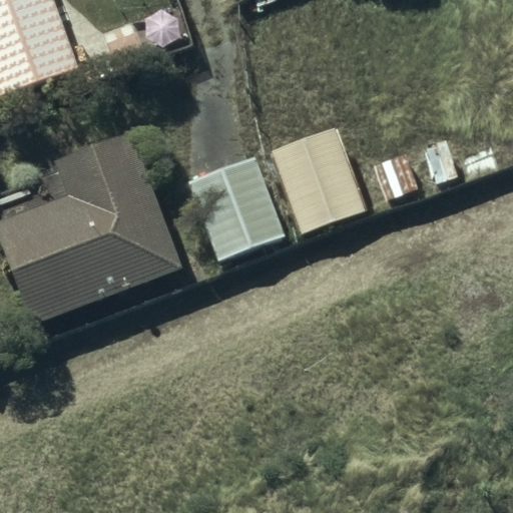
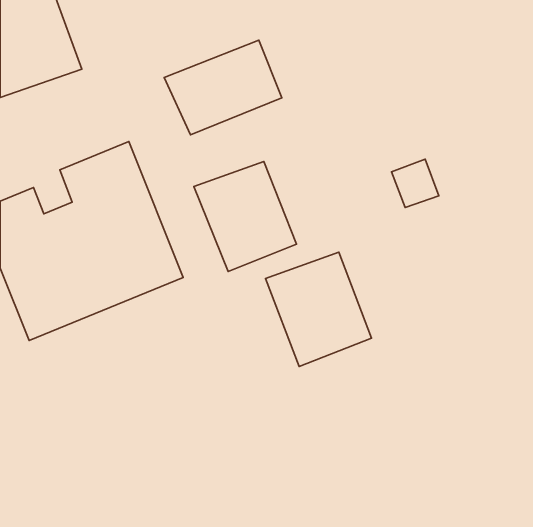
building: none -> [164,40,282,135]
building: [269,126,370,235] -> [266,252,371,366]

